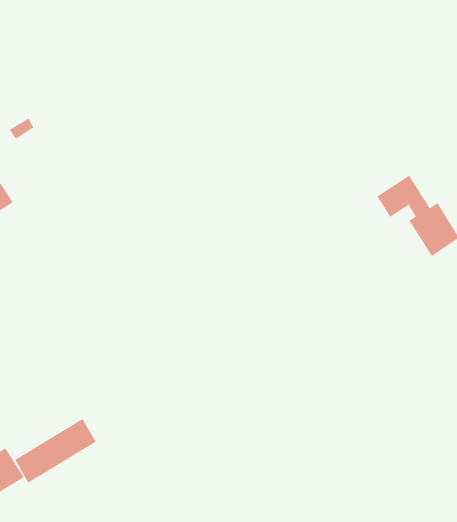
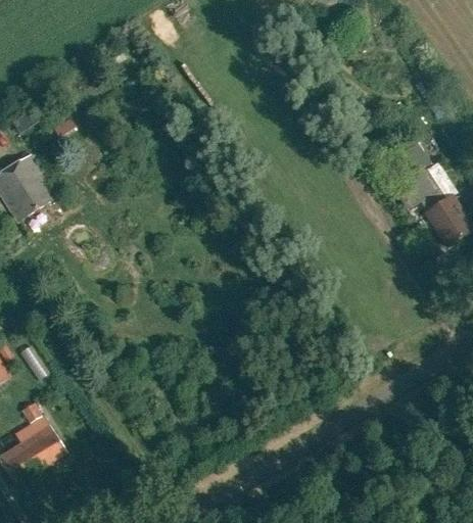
building: [14,418,96,484] -> none

